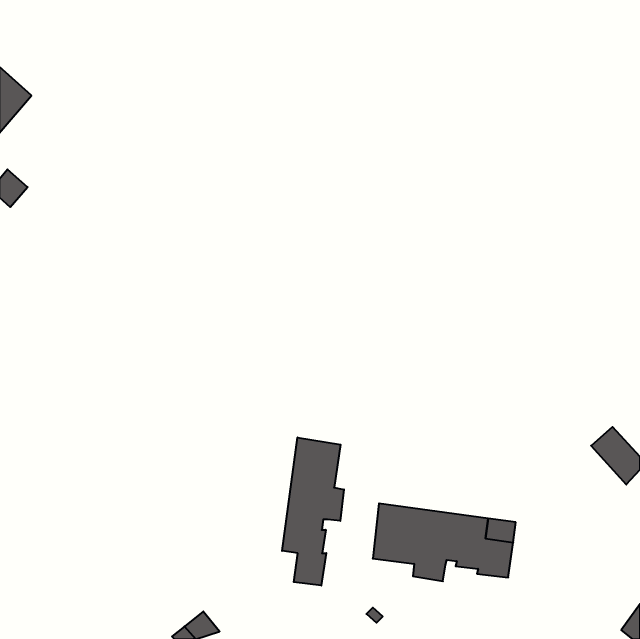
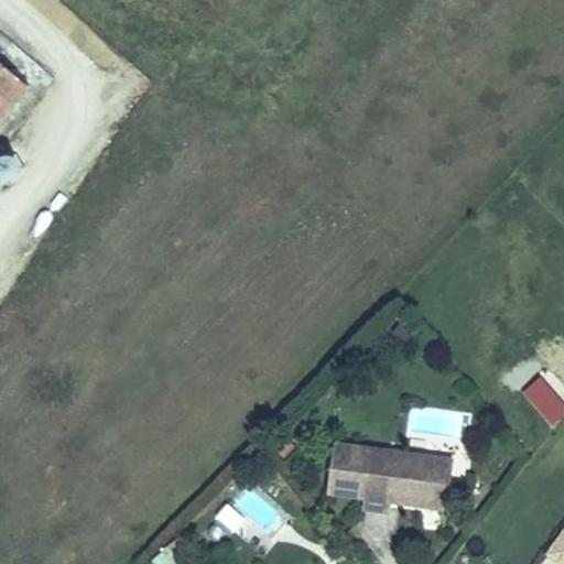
building: [282,437,344,586] -> none

